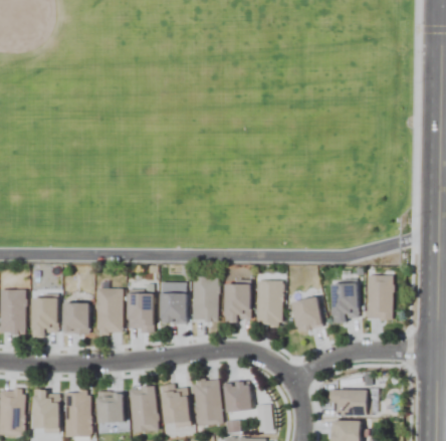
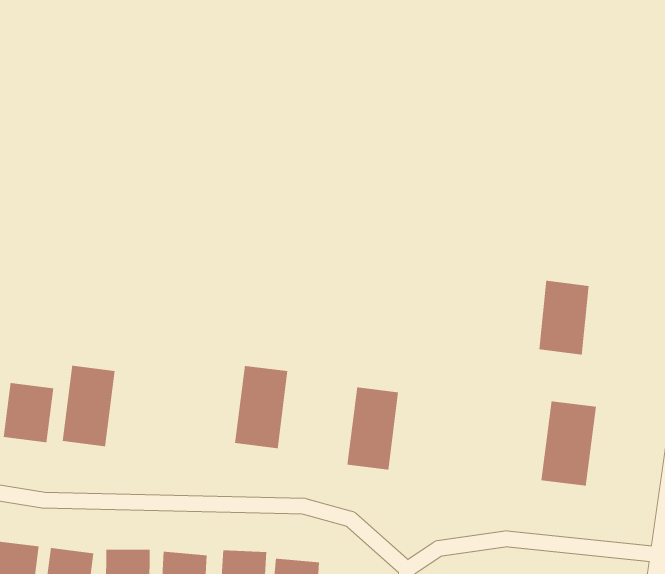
building: [224,281,250,321] -> none
building: [331,282,358,321] -> [538,280,590,355]
building: [128,292,153,332] -> none
building: [160,292,185,323] -> none
building: [291,296,321,333] -> none

